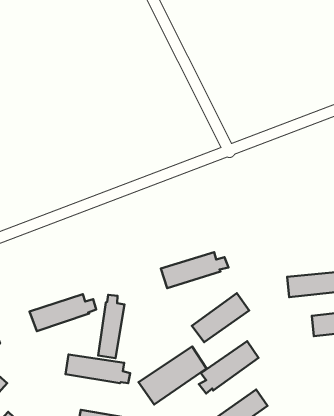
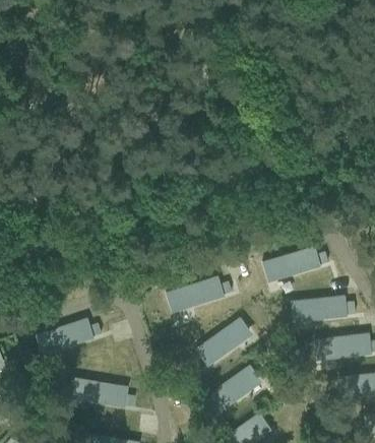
building: none -> [262,246,328,281]
building: [98,295,125,358] -> none
building: [139,347,206,405] -> none

